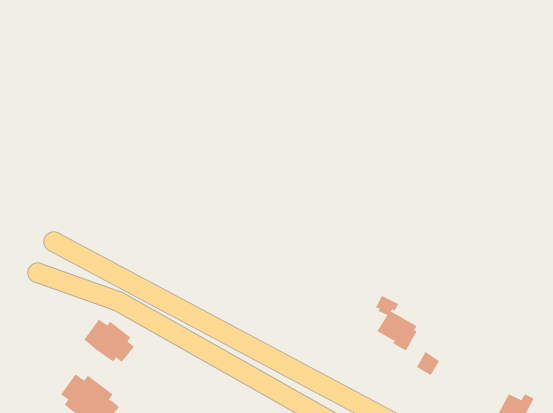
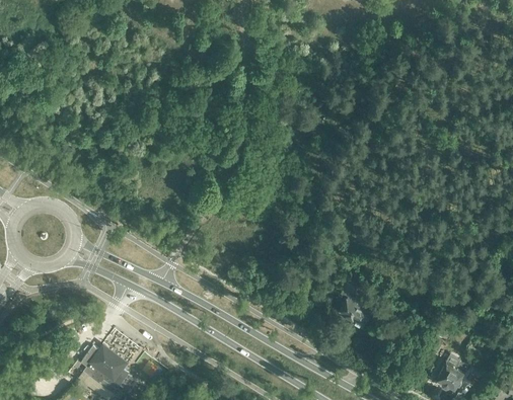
building: [84,319,135,363] -> none

